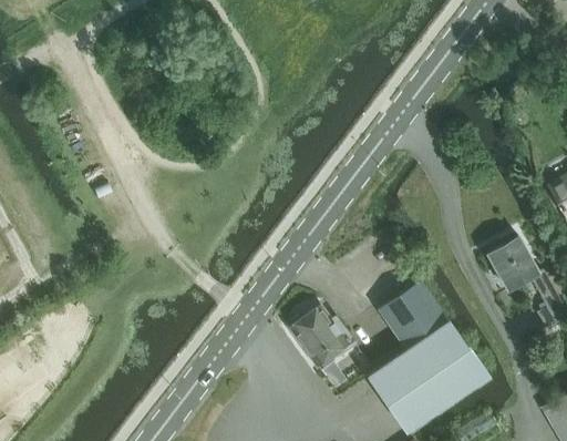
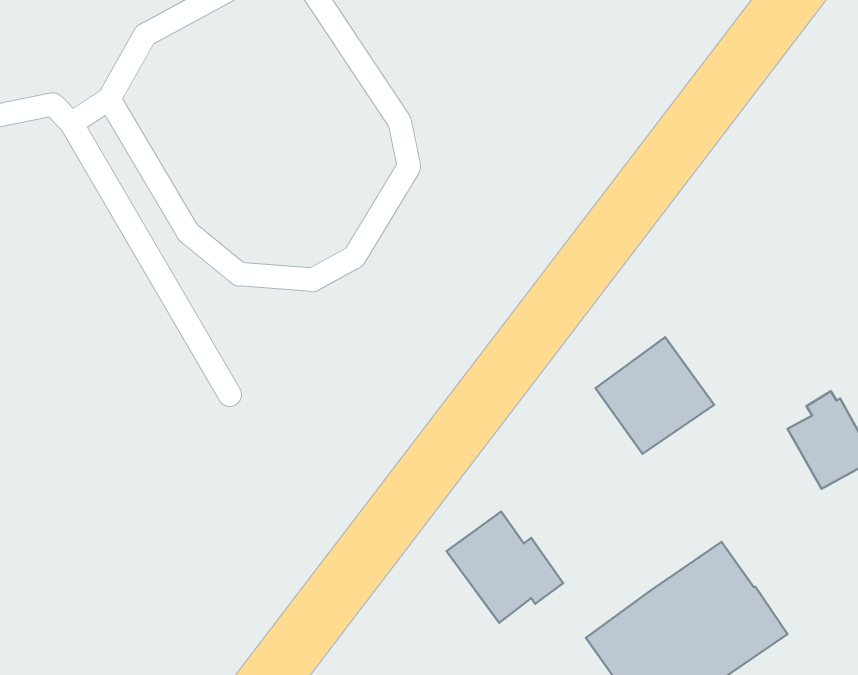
building: [381,283,451,351] -> [595,337,714,454]

